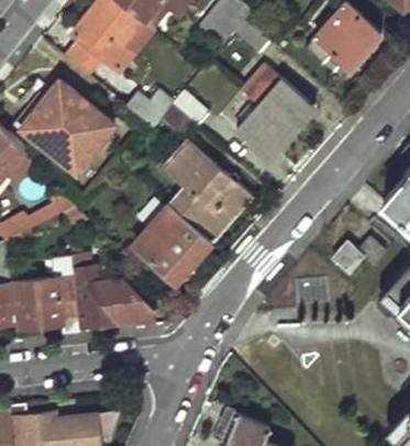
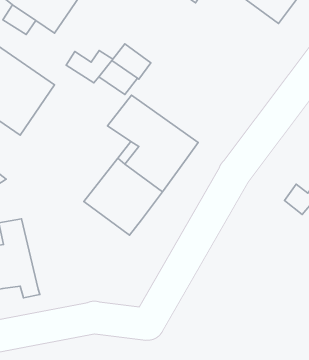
building: [235,65,315,163] -> none
building: [69,255,154,328] -> none

